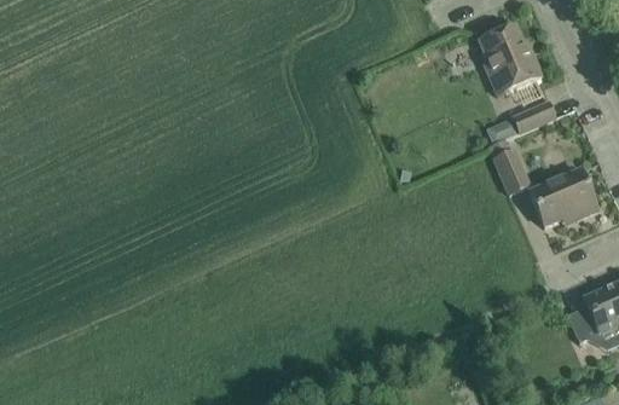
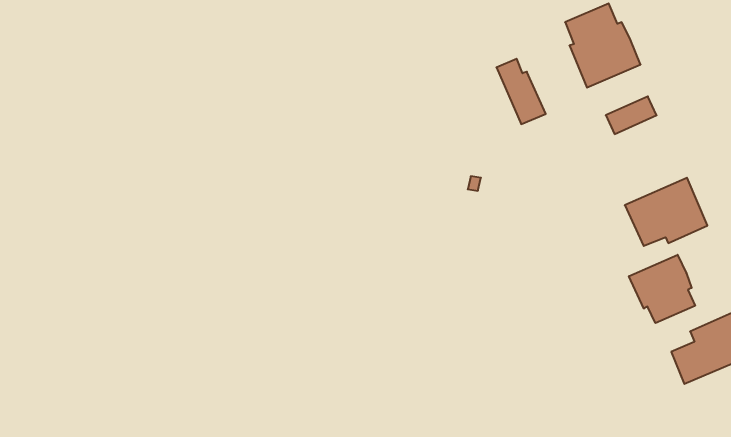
building: [488,139,530,193] -> [496,59,546,124]
building: none -> [629,255,695,323]

